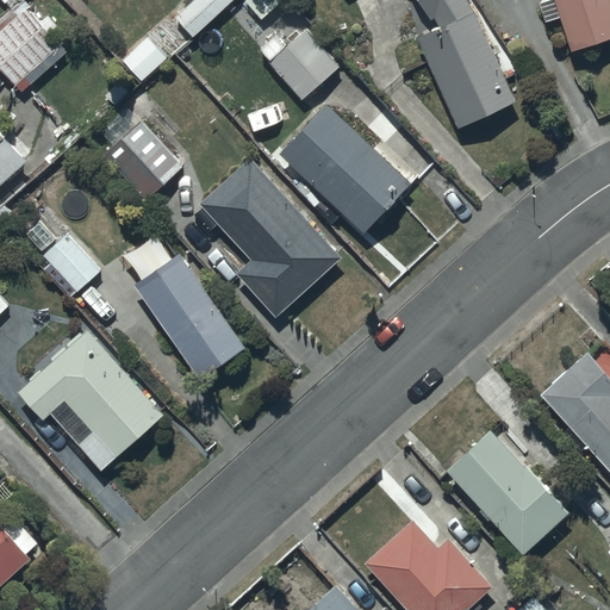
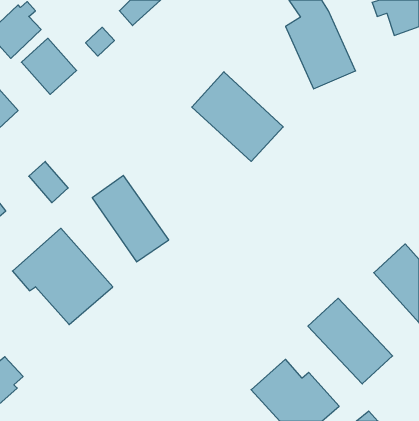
building: [268,29,340,99] -> none
building: [102,120,182,201] -> [21,38,77,94]
building: [199,158,341,318] -> none

